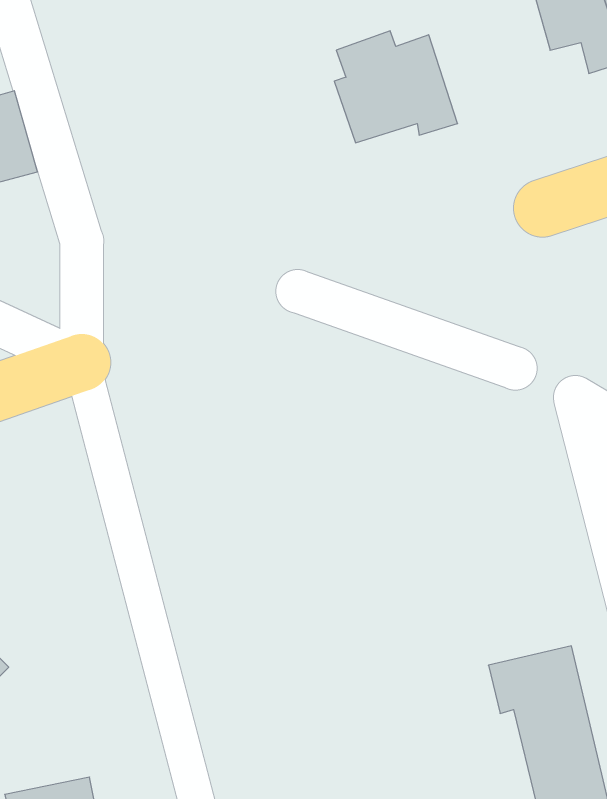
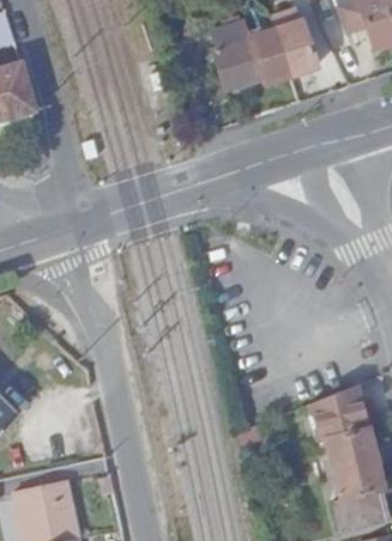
building: none -> [276,11,322,78]

